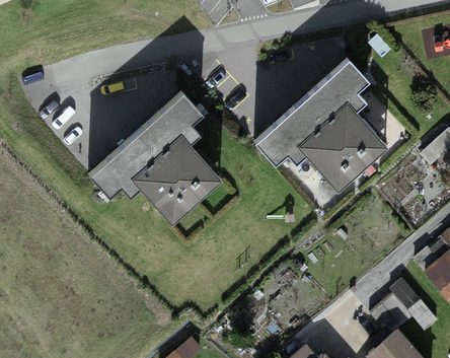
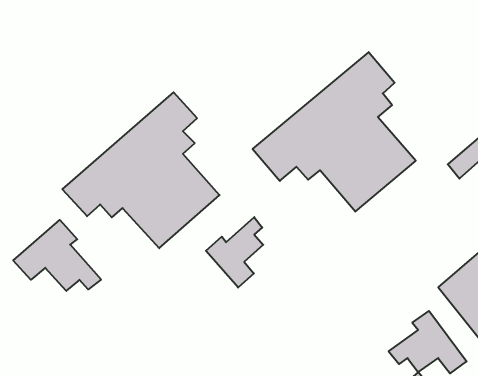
building: none -> [206,217,263,288]
building: none -> [13,220,101,291]

